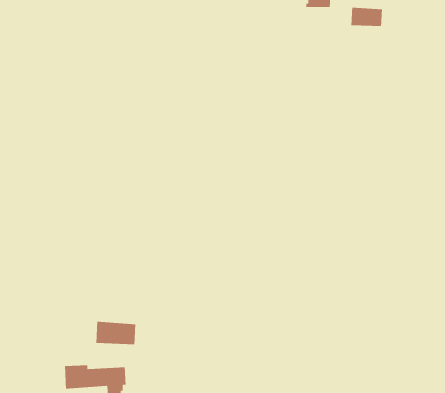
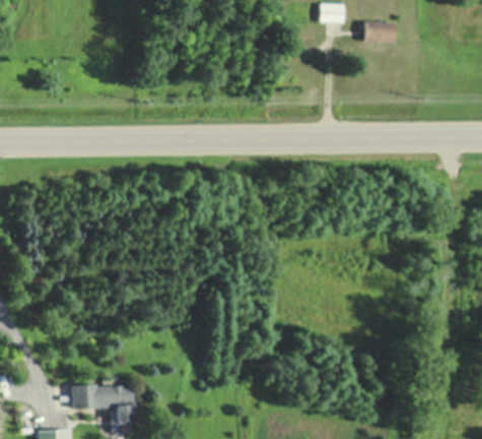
building: [95,321,136,345] -> none

